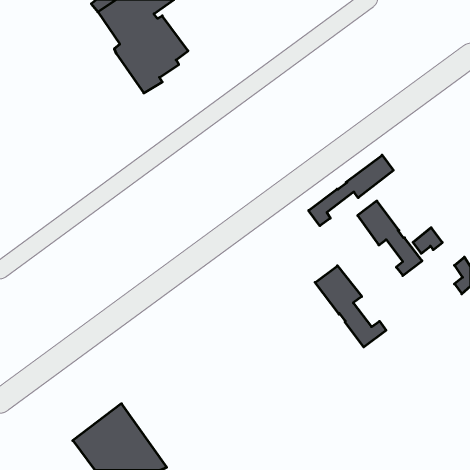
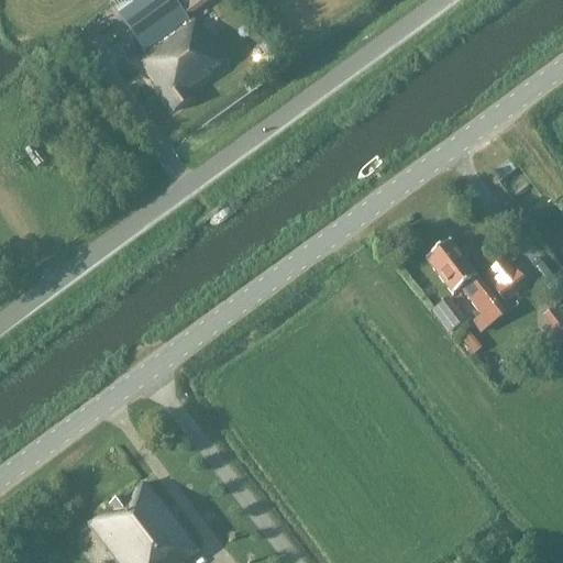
building: [309,155,393,226] -> none
building: [315,266,386,347] -> none

